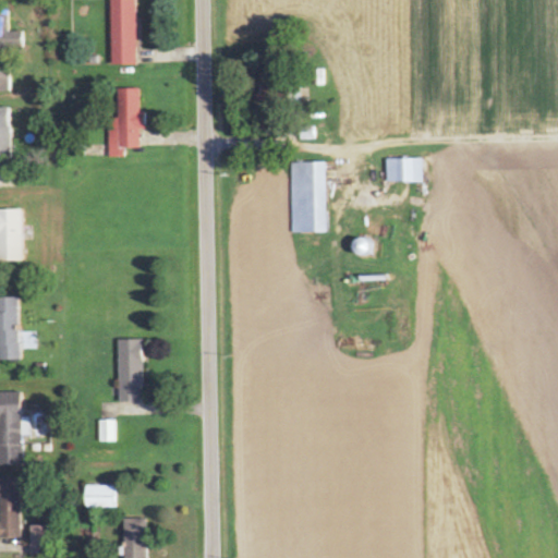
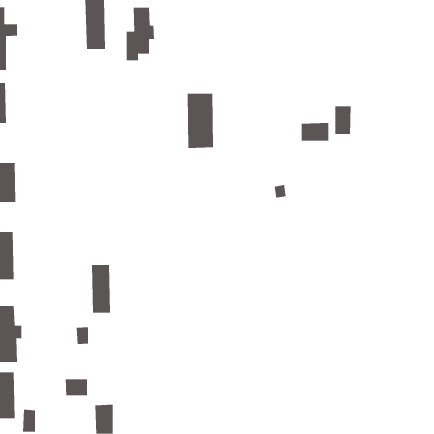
building: [108,87,145,156] -> [126,7,155,61]
building: none -> [335,105,351,135]
building: [290,161,325,232] -> [187,93,214,148]

